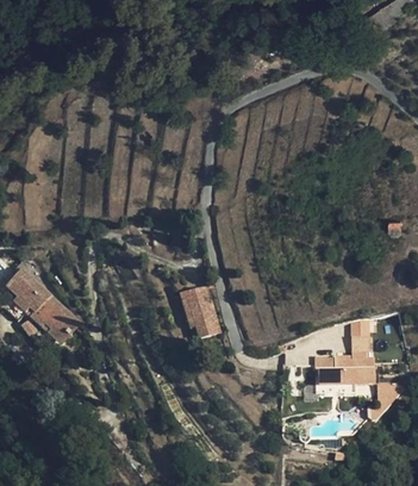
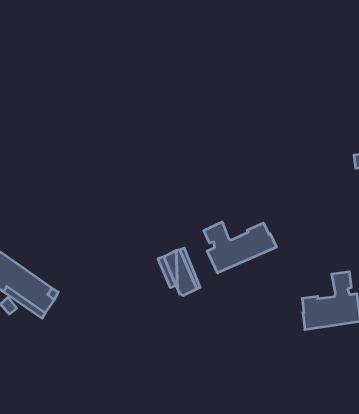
building: none -> [204,222,276,273]

